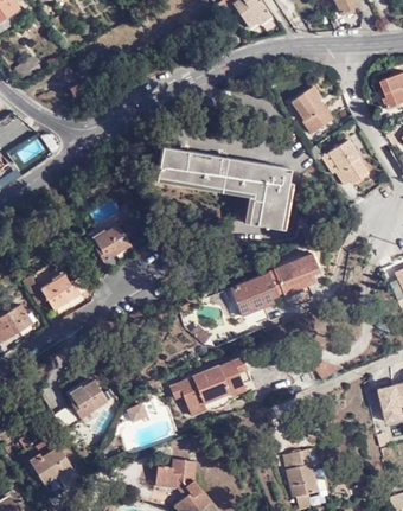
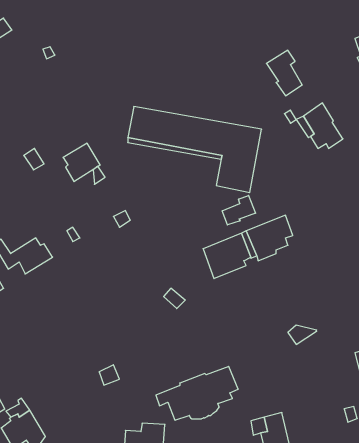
building: [94,224,130,262] -> [63,143,100,182]
building: none -> [222,195,256,225]
building: [172,354,254,408] -> [156,366,238,420]
building: [70,378,107,419] -> none

